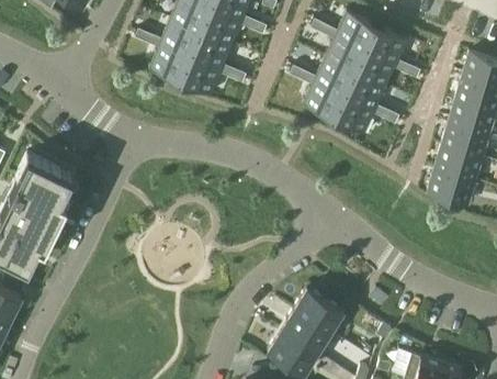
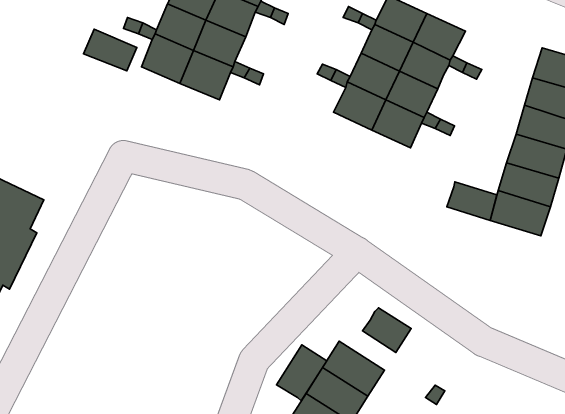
building: none -> [84,29,137,71]
building: none -> [447,182,497,221]
building: none -> [362,308,411,352]
building: none -> [276,345,327,401]

